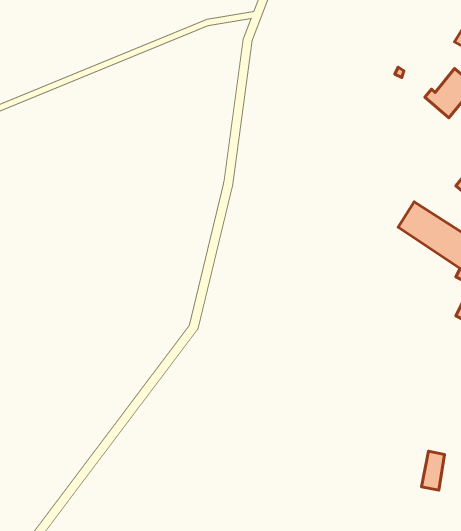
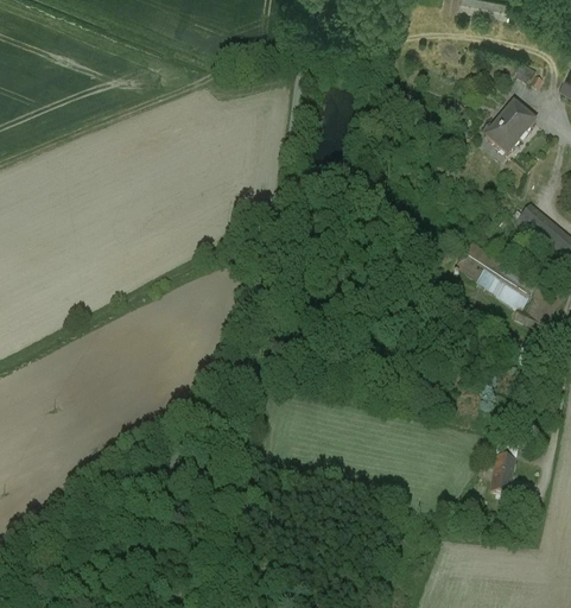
building: [422,451,445,490] -> [491,450,515,490]

